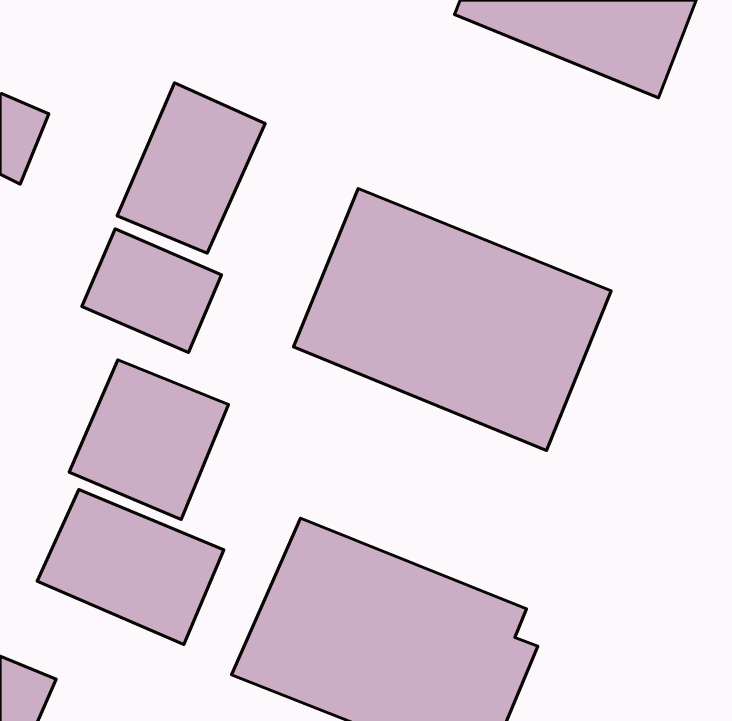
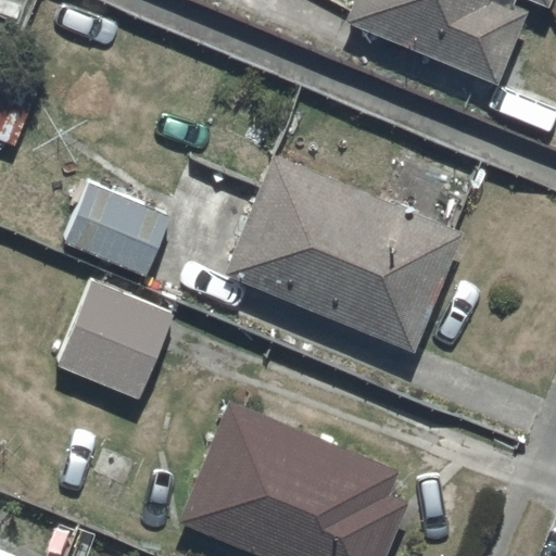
building: [117,83,265,253] -> none
building: [37,490,224,644] -> none

